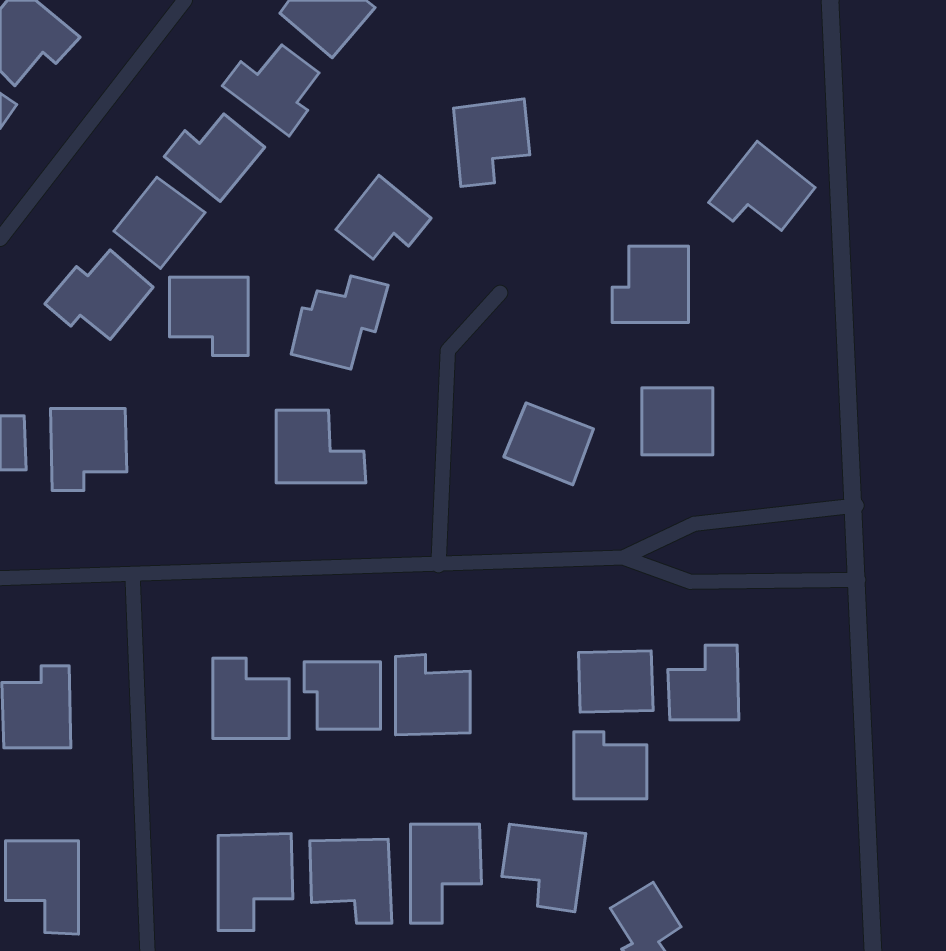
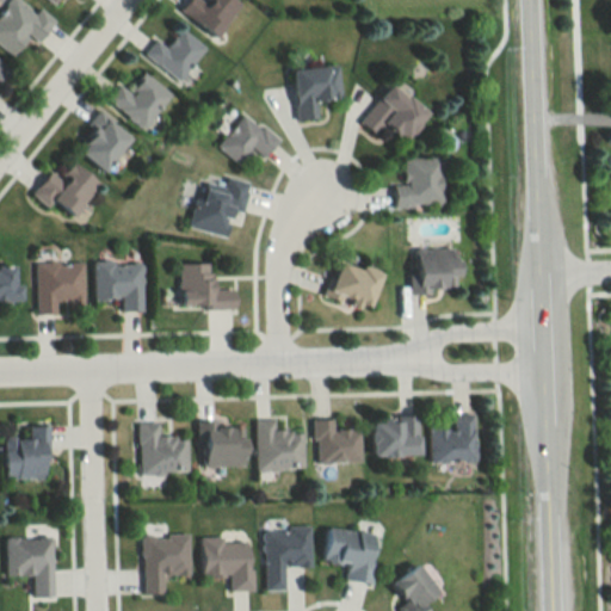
building: [709,141,815,231] -> [363,84,431,141]
building: [170,277,248,355] -> [95,261,146,311]
building: [574,732,647,799] -> [316,421,363,464]

